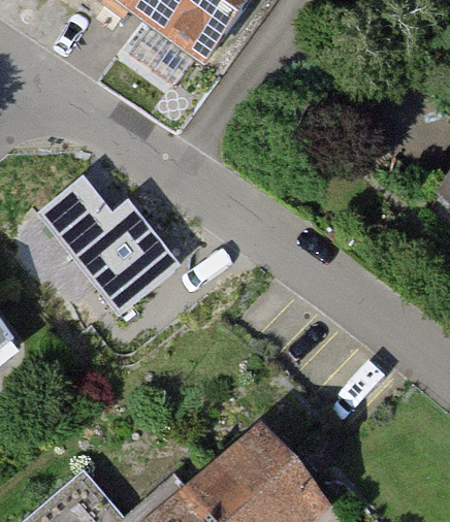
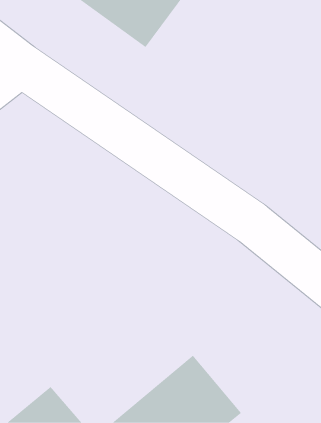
building: [43,182,176,309] -> none

